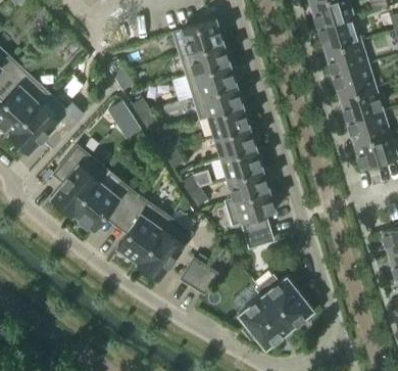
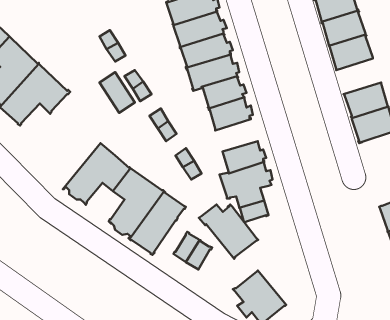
building: [339,88,383,123] -> none
building: [51,145,108,216] -> none
building: [220,147,264,179] -> none
building: [255,276,313,329] -> [199,204,258,259]

